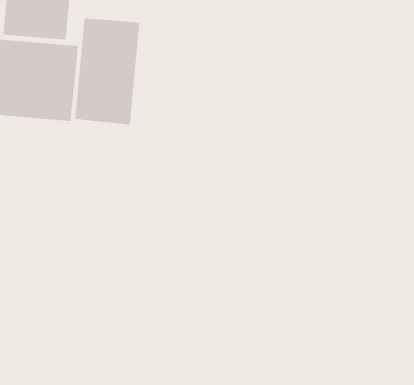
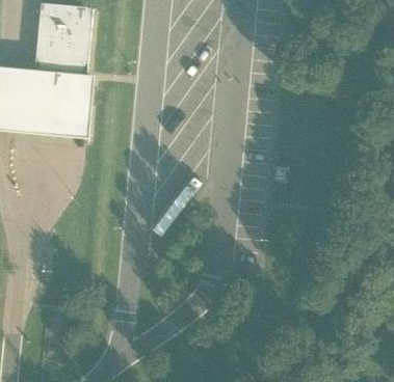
building: [75,18,140,126] -> none

